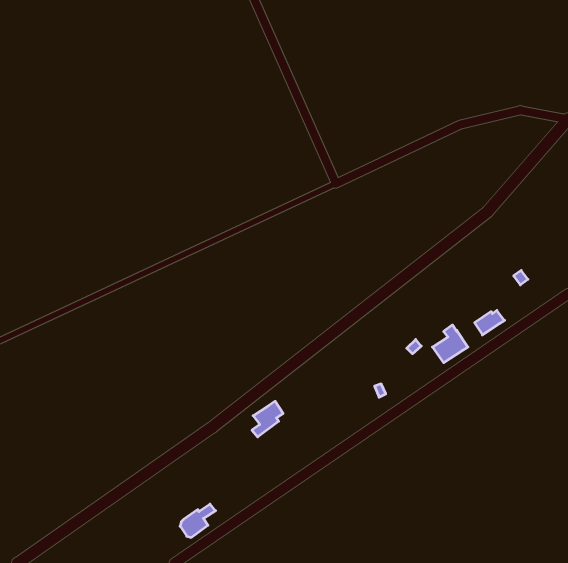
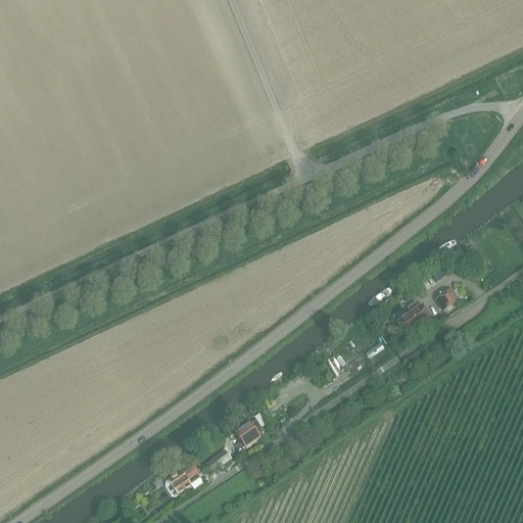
building: [252,401,283,437] -> [235,417,264,449]

